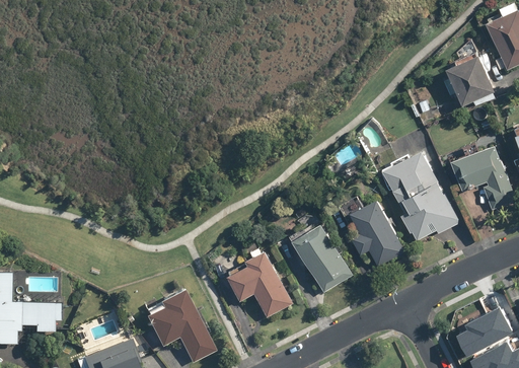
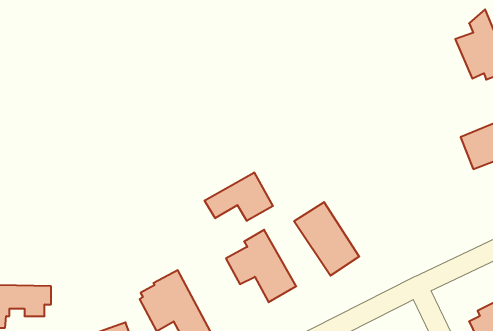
building: [380,148,460,239] -> none
building: [337,195,404,267] -> none
building: none -> [205,172,273,221]

